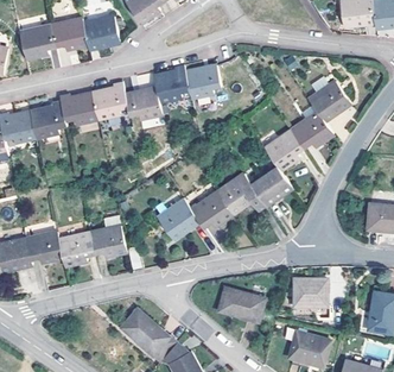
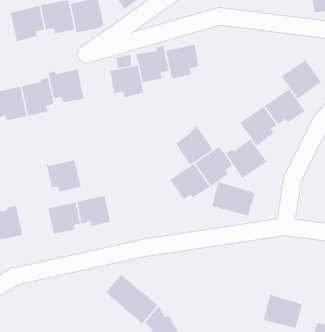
building: [91,81,127,120] -> none
building: [158,197,199,240] -> [175,126,214,166]
building: [25,231,63,265] -> [46,160,81,192]
building: [292,278,330,307] -> none
building: [218,286,266,323] -> [211,182,255,216]

